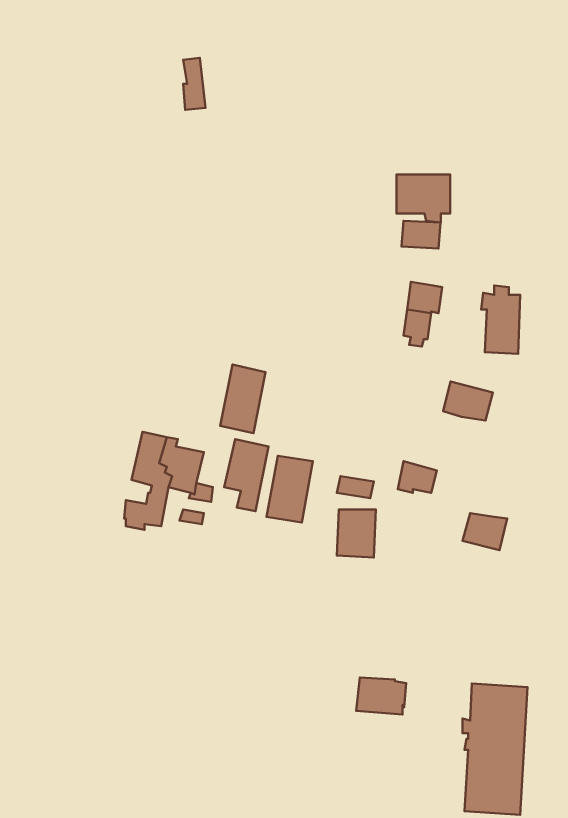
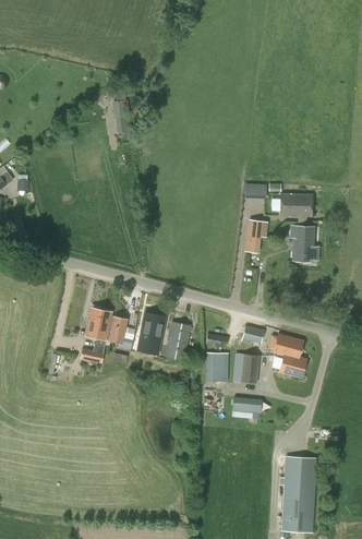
building: [397,175,450,223] -> [281,193,313,221]
building: [220,365,266,433] -> none
building: [443,382,493,420] -> [274,334,303,357]
building: none -> [232,352,260,383]
building: [356,678,406,715] -> [232,396,262,418]

